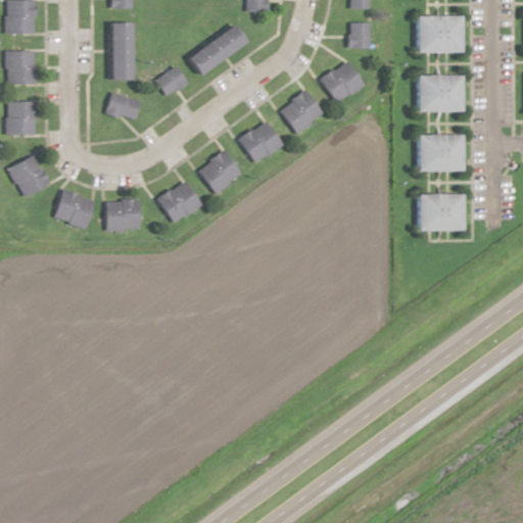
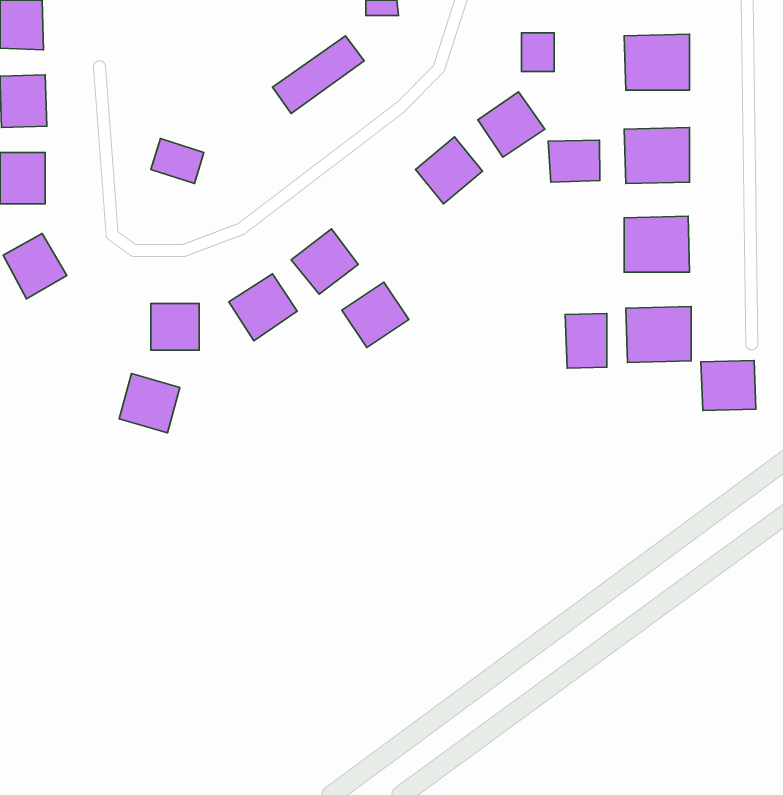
building: [110,20,133,79] -> none
building: [156,65,189,96] -> none
building: none -> [548,140,600,182]
building: [240,121,284,163] -> [342,282,409,348]
building: [55,189,95,228] -> [119,374,180,433]
building: none -> [565,314,607,368]
building: none -> [701,361,756,410]

